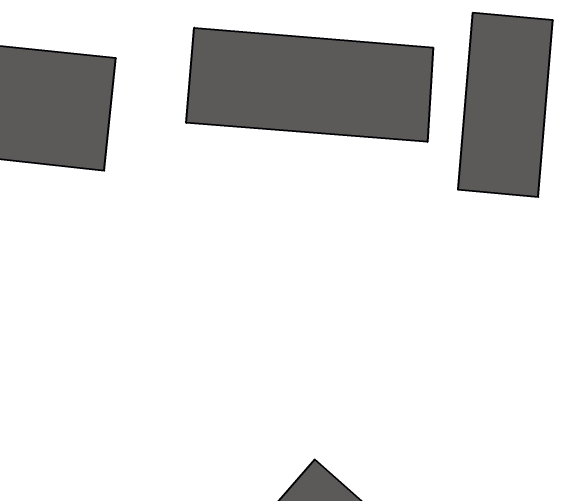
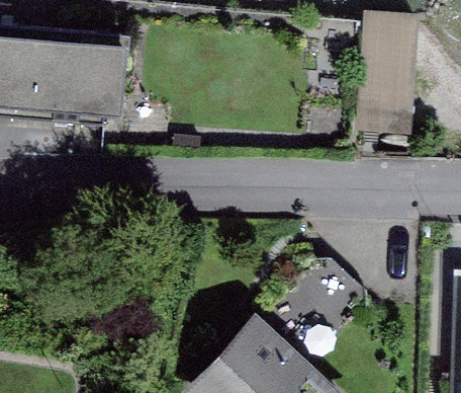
building: [186,28,433,142] -> none

